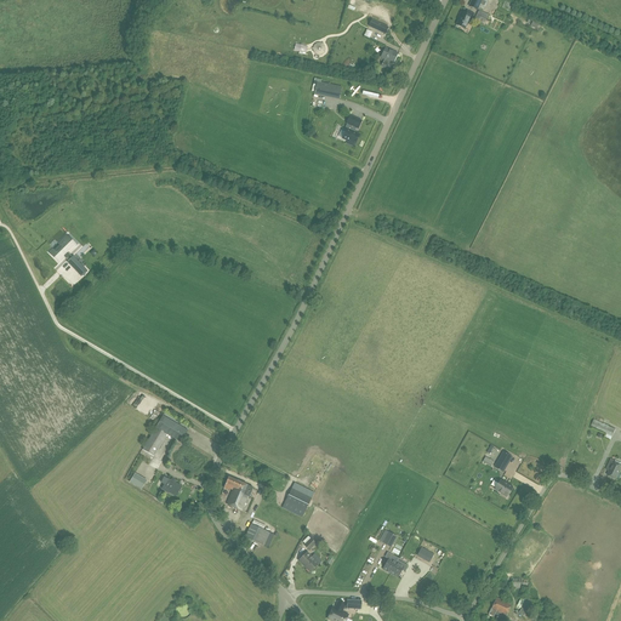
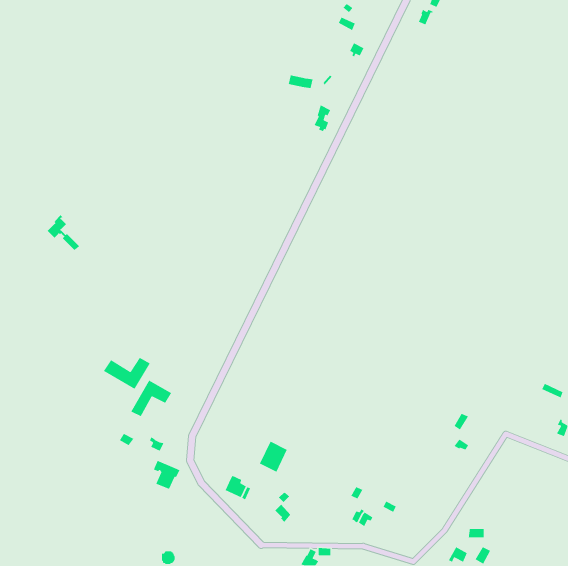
building: none -> [103,357,151,390]
building: [223,475,253,508] -> [153,460,181,490]

